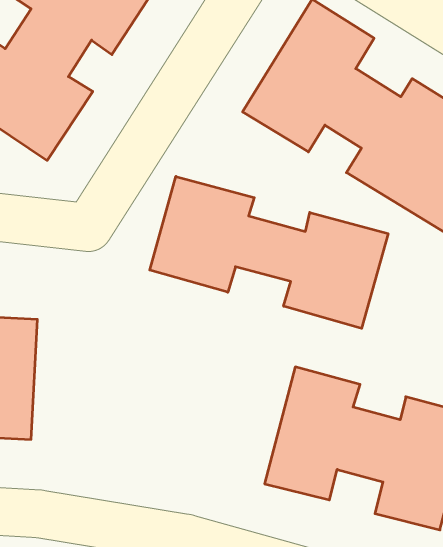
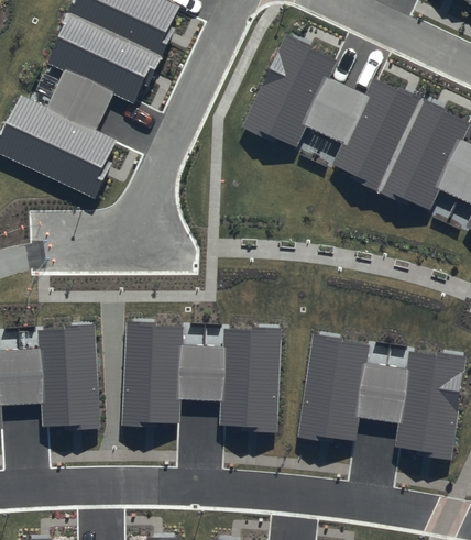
building: [150,176,388,328] -> none
building: none -> [122,323,281,434]

